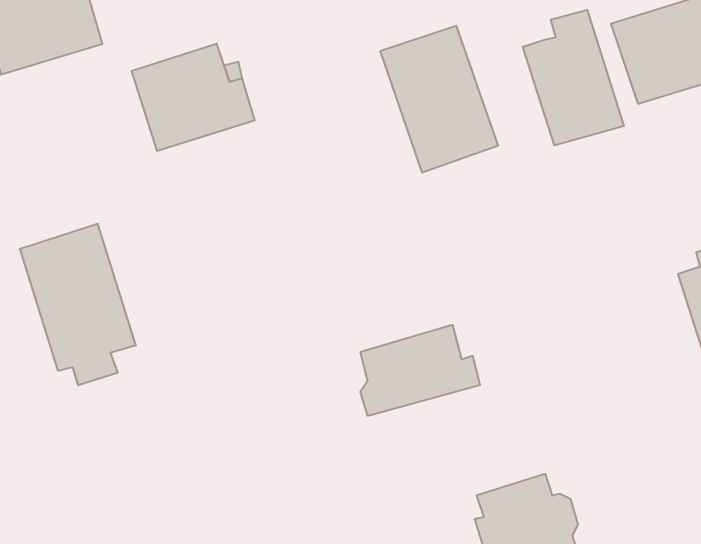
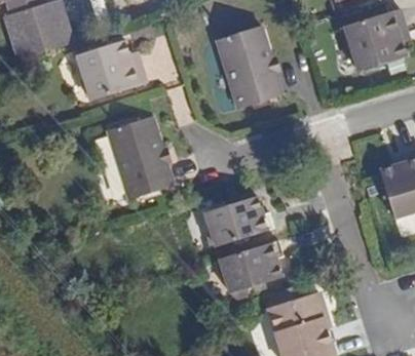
building: [523,10,624,145] -> none
building: [20,224,136,385] -> [113,114,179,205]
building: none -> [214,240,281,304]

